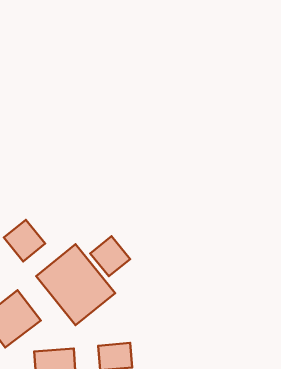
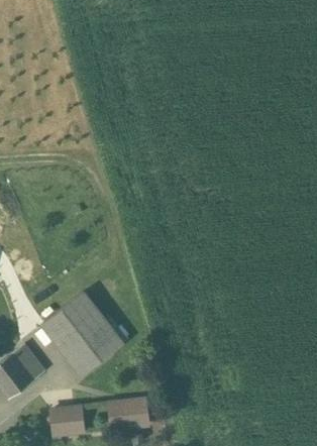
building: [4,220,45,261] -> none
building: [90,236,130,276] -> none

